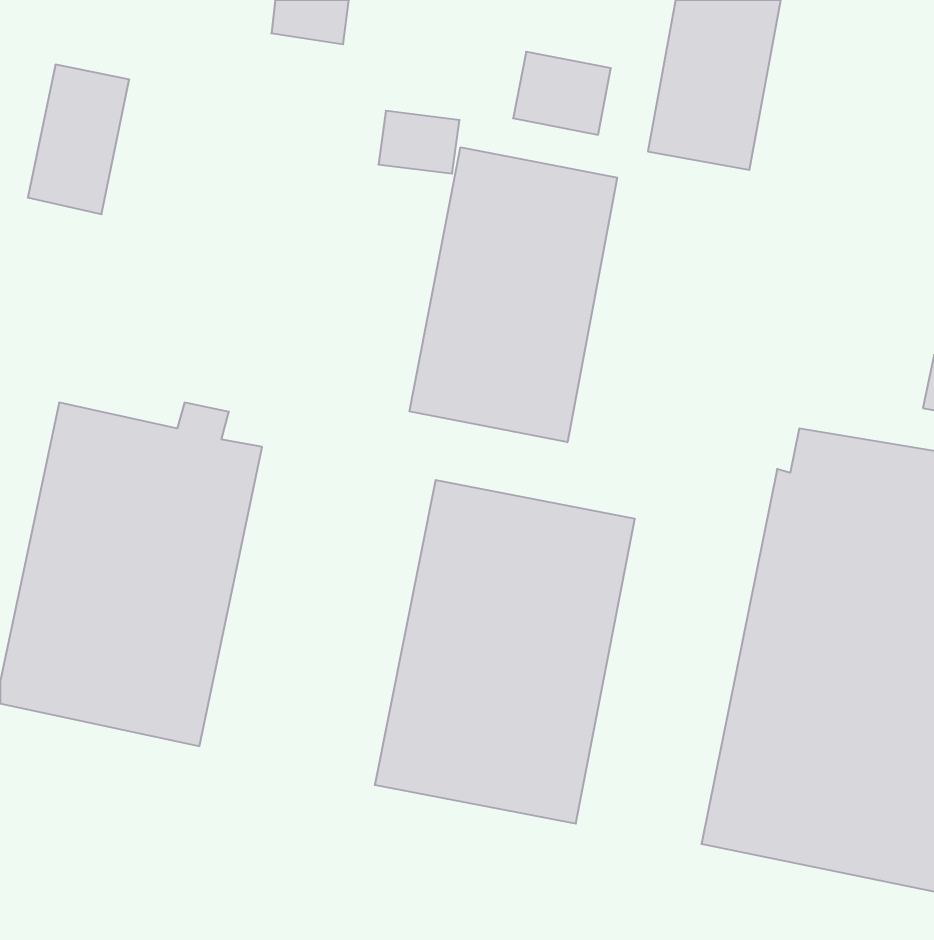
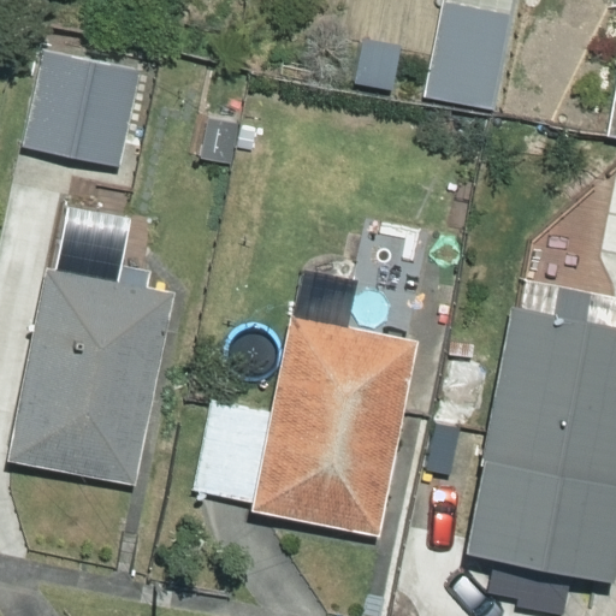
building: [409,147,617,442] -> none

